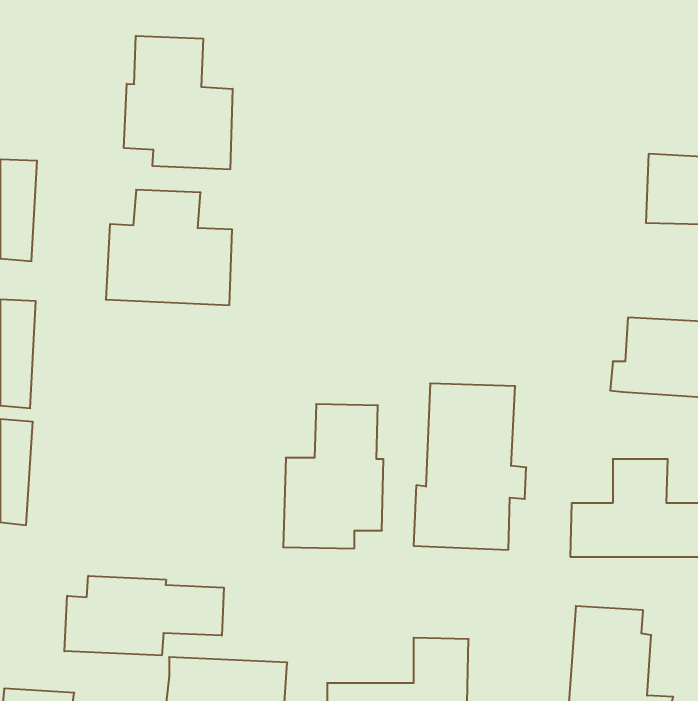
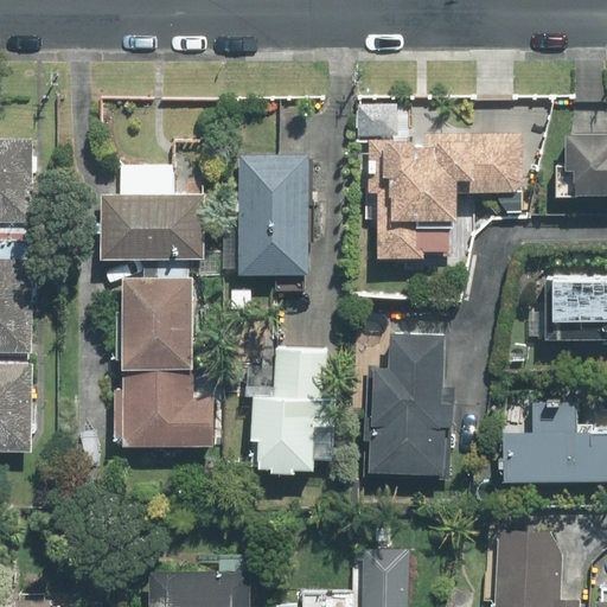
building: [124,36,233,169] -> none
building: none -> [364,134,523,260]
building: none -> [221,149,312,276]
building: none -> [115,279,215,454]
building: [64,576,224,655] -> none

